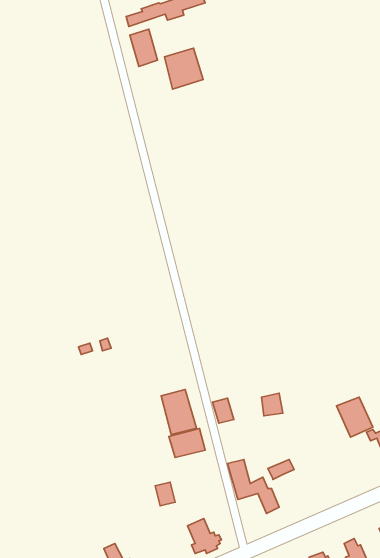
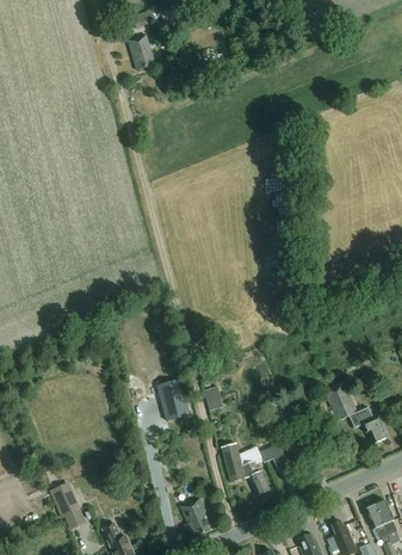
building: [164,48,203,89] -> none
building: [169,429,205,457] -> none
building: none -> [50,482,86,529]

